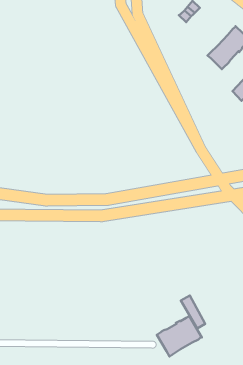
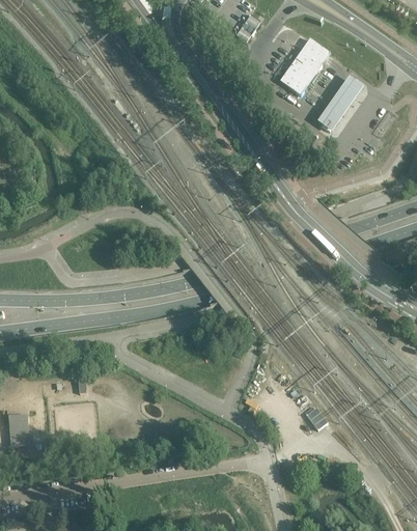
building: [157,316,202,357] -> none

